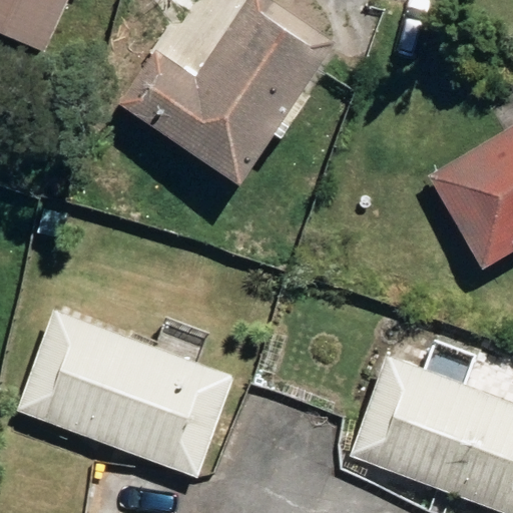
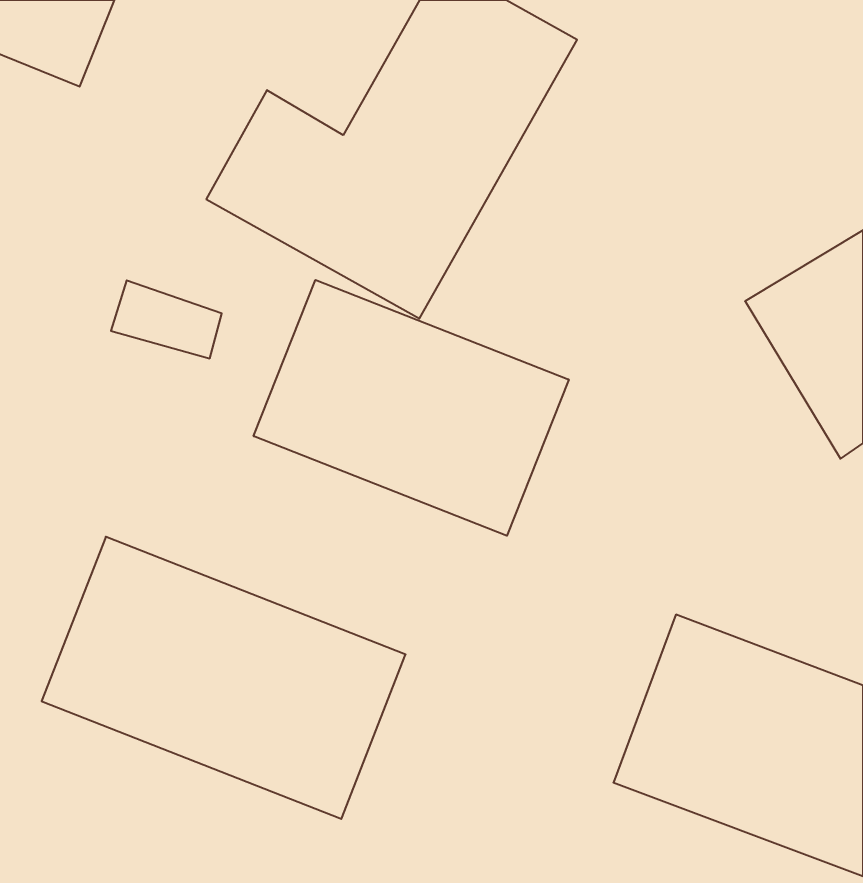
building: none -> [254,280,569,536]

